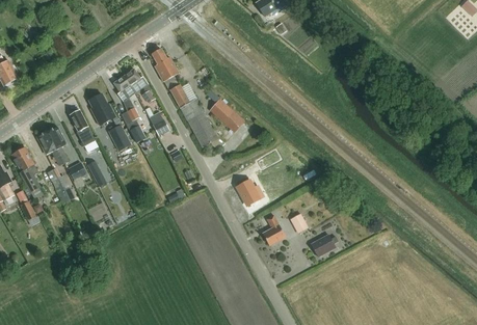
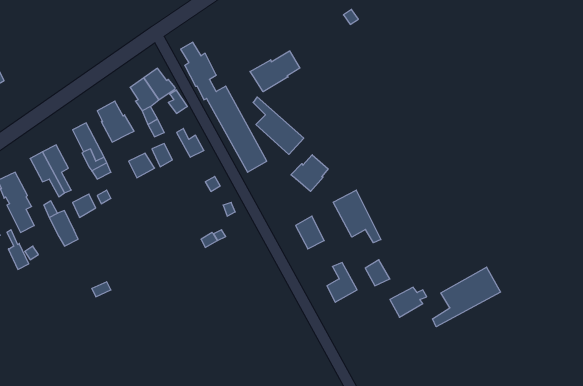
building: none -> [250,51,300,92]
building: none -> [291,155,328,191]
building: none -> [333,190,381,243]
building: none -> [433,267,501,327]

